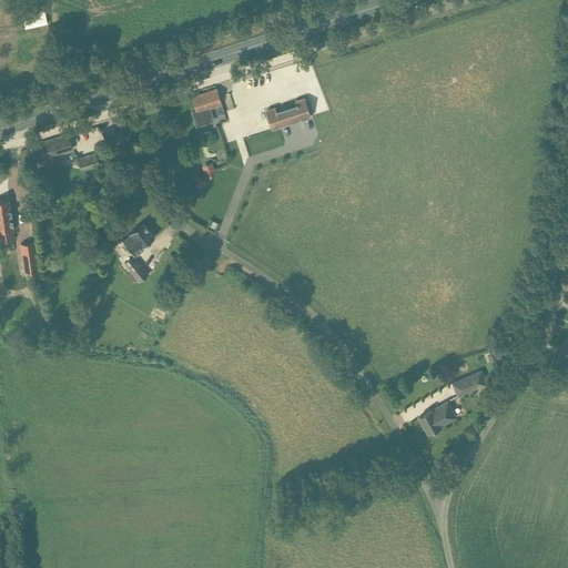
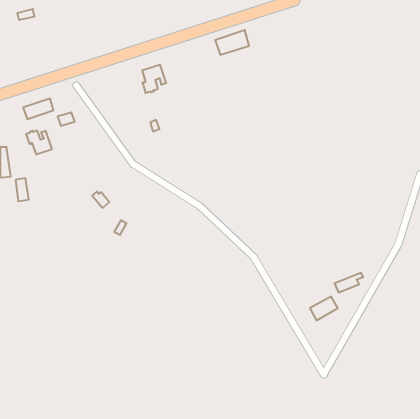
building: [265,98,311,131] -> [215,30,249,55]
building: none -> [26,130,52,155]
building: [123,222,154,255] -> none

